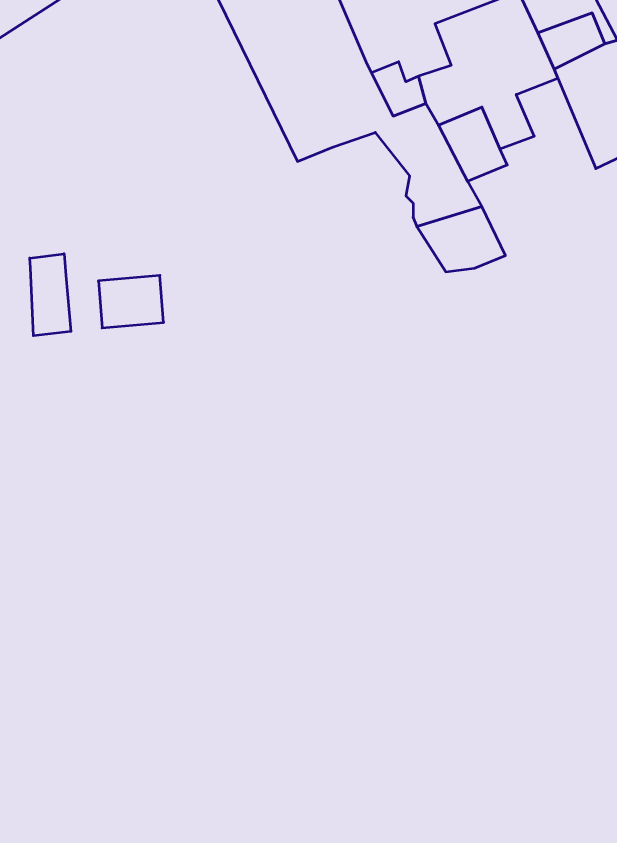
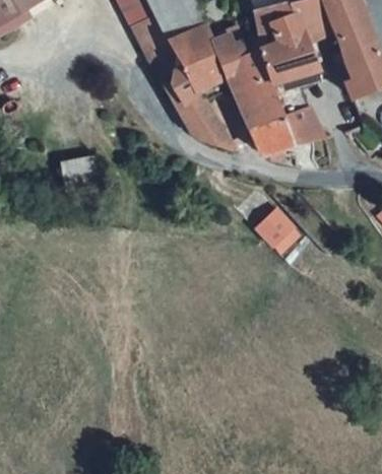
building: none -> [179,83,239,148]
building: none -> [274,93,316,144]
building: [30,254,71,336] -> none
building: none -> [261,208,305,254]

